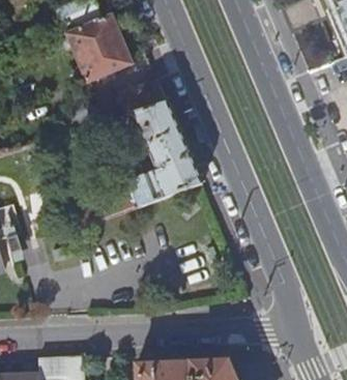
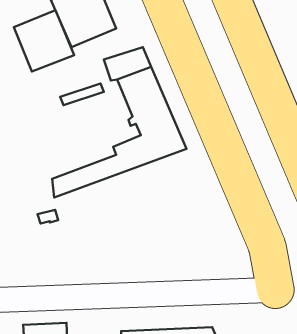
building: none -> [14,10,74,72]

